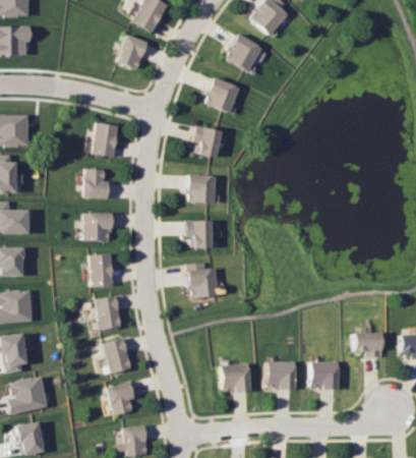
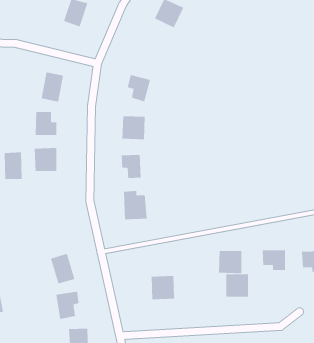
building: [204,78,237,112] -> none
building: [88,253,111,286] -> [4,152,23,179]
building: [96,296,119,329] -> none
building: [265,361,294,389] -> [218,251,242,274]

